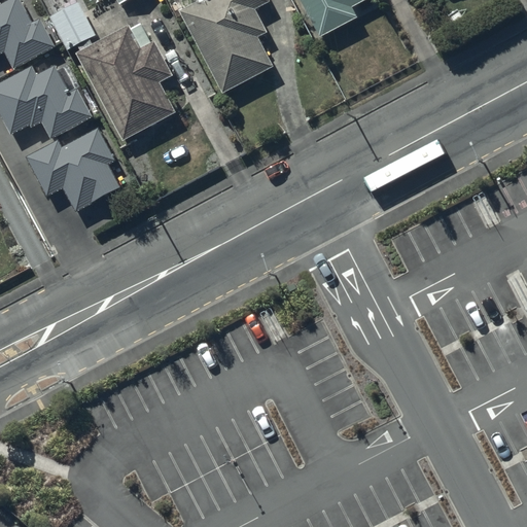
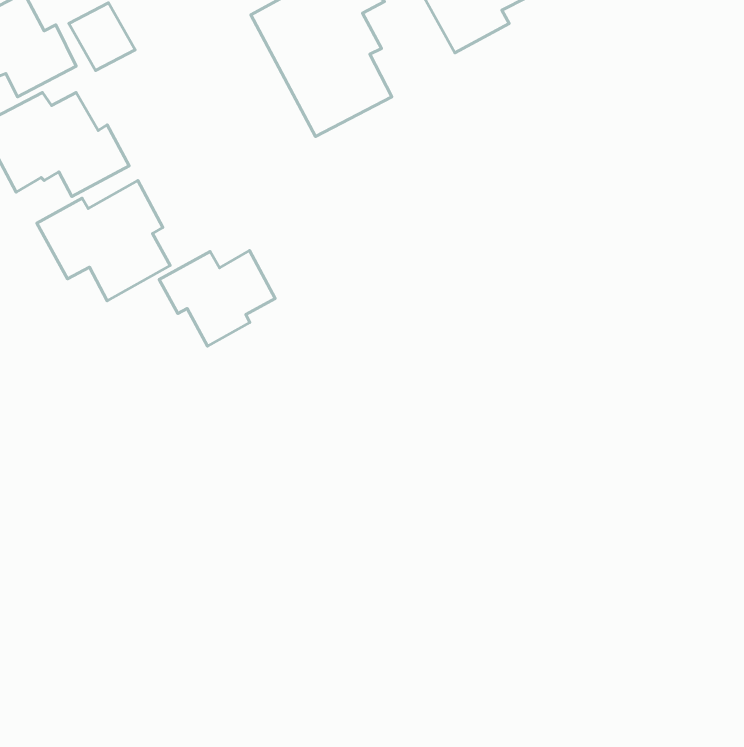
building: [76,26,174,140] -> none
building: none -> [159,251,275,346]

